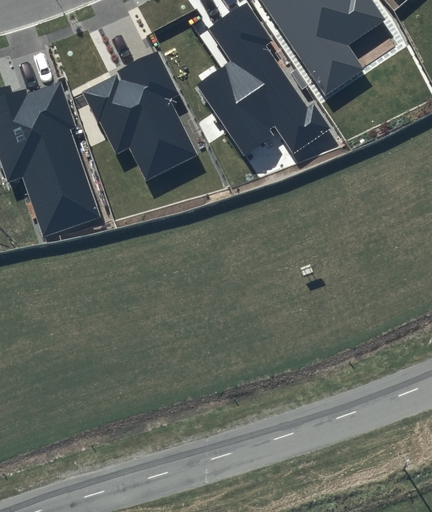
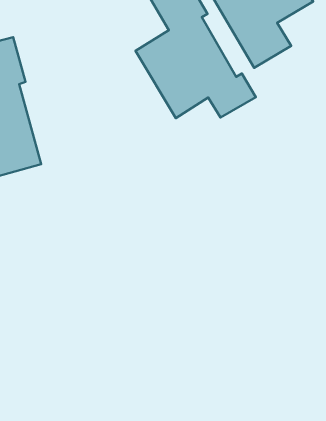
building: [82,53,197,181] -> none

